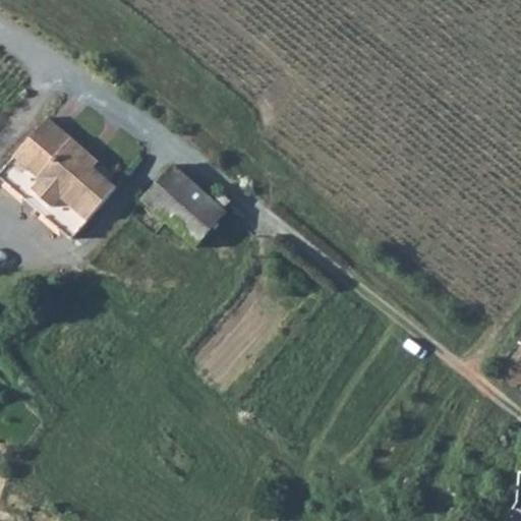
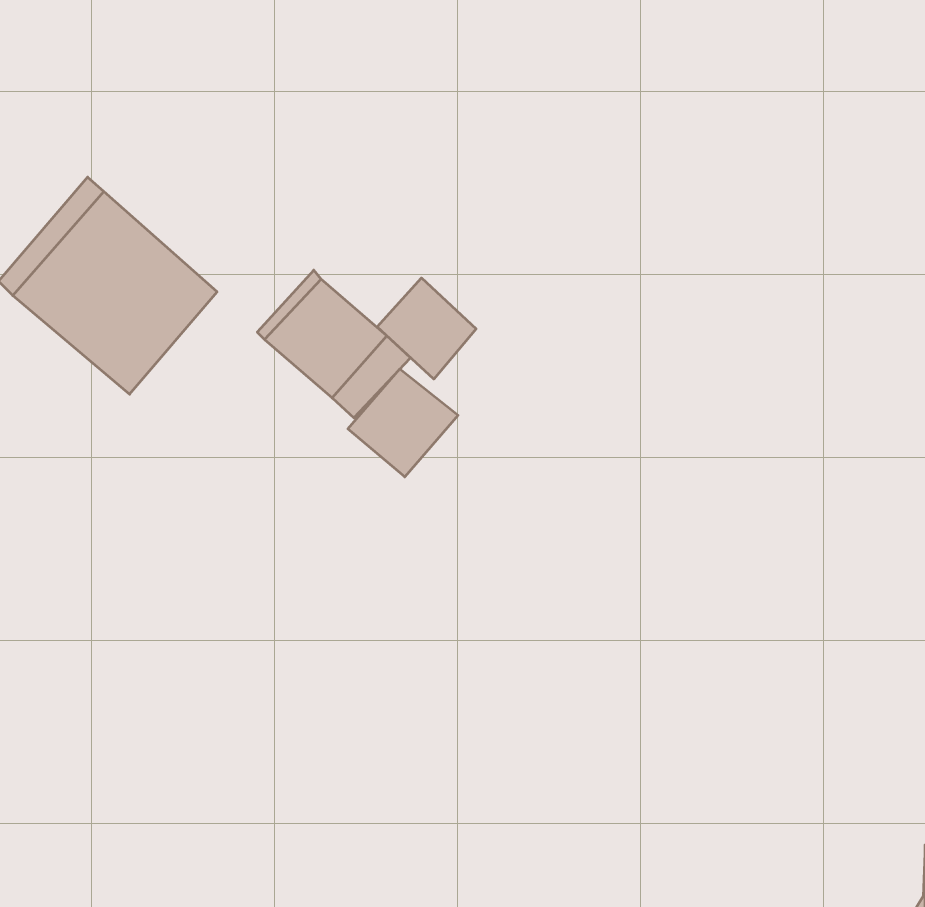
building: none -> [377,278,476,379]
building: none -> [348,369,458,477]

